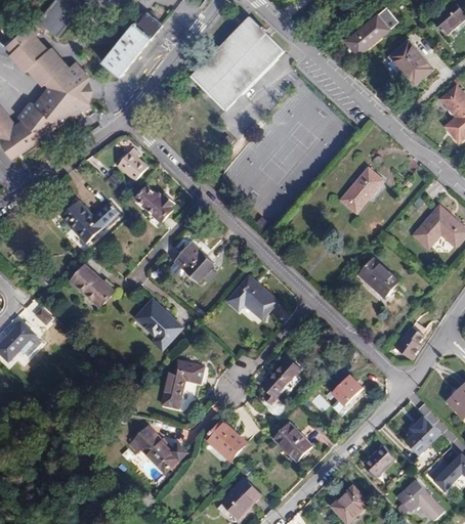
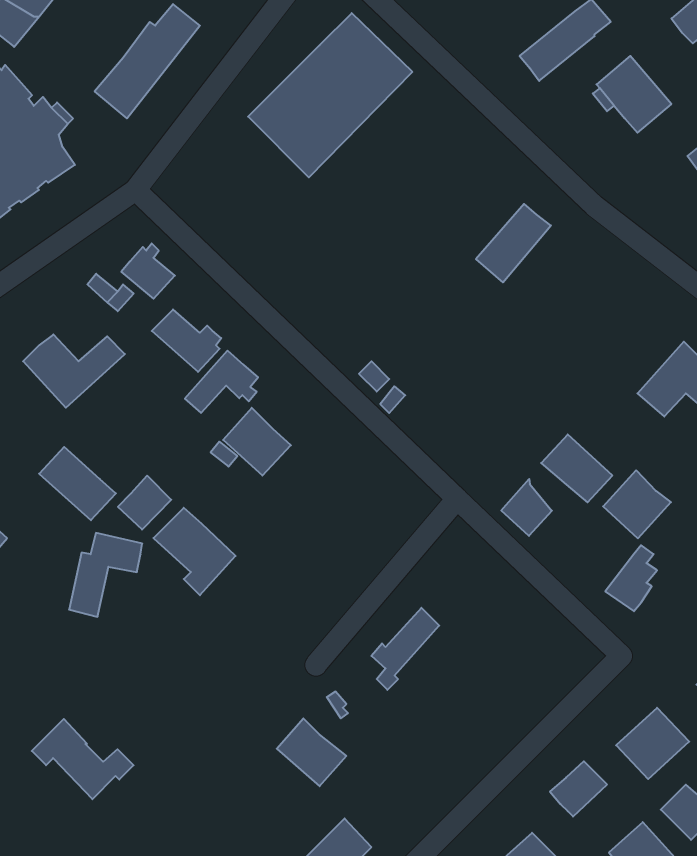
building: [340,168,383,213] -> [476,204,551,282]
building: none -> [185,351,258,413]
building: [227,275,278,318] -> none
building: none -> [603,470,671,538]
building: none -> [118,476,171,530]
building: none -> [501,479,552,536]
building: [162,360,204,408] -> [69,533,142,617]
building: [332,375,363,405] -> none
building: [273,422,311,461] -> none
building: [129,425,187,471] -> [32,719,134,799]

